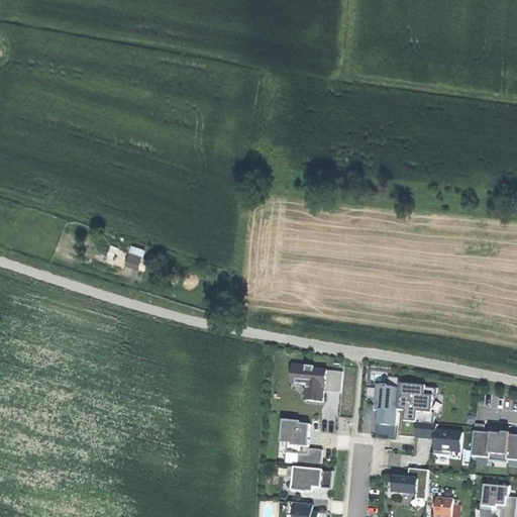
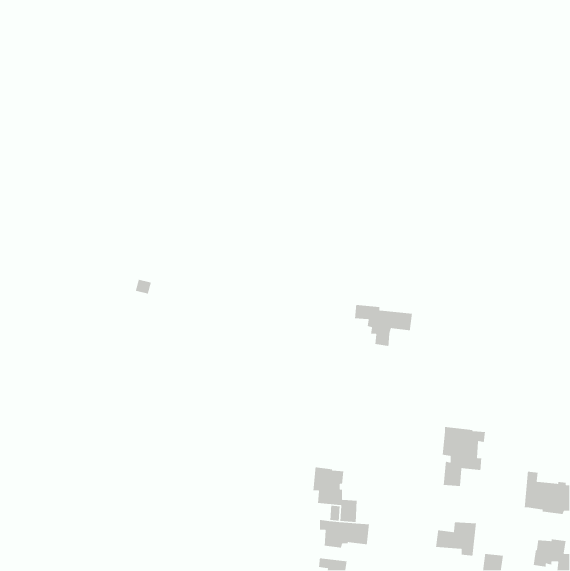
building: [290,364,342,402] -> [354,304,413,347]
building: [375,385,399,425] -> none
building: [414,421,461,454] -> none

